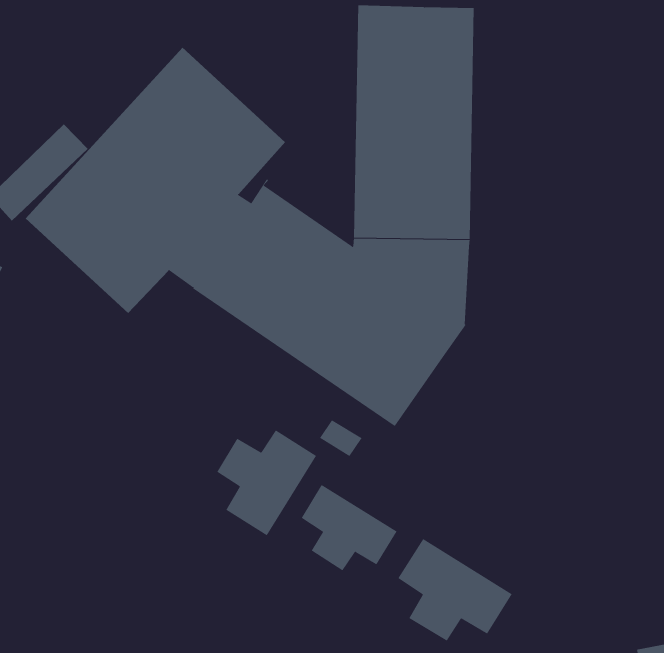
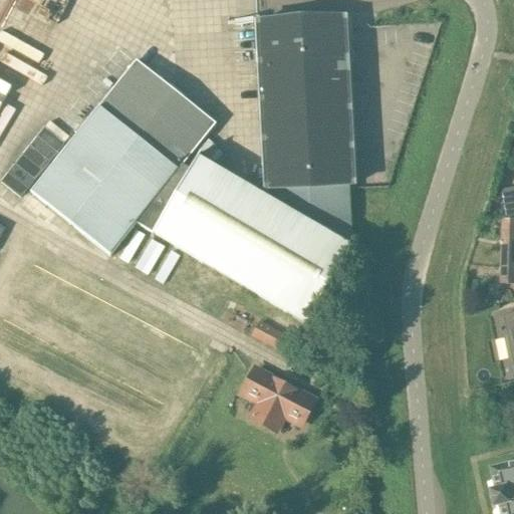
building: [216,430,317,536] -> none
building: [398,538,513,642] -> none

